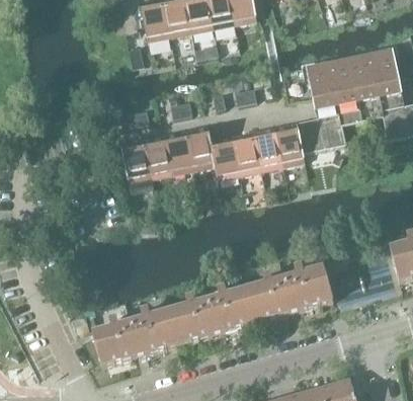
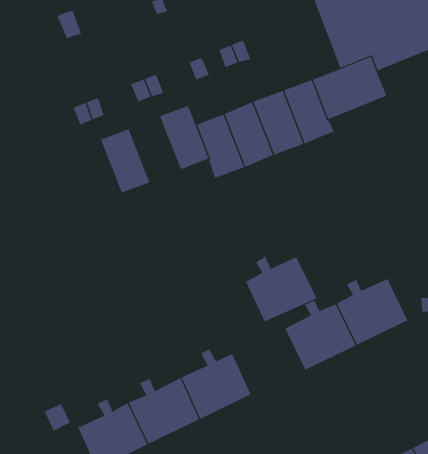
building: [165,130,195,174] -> none
building: [121,139,152,182] -> none
building: [210,287,257,332] -> [245,256,317,322]

